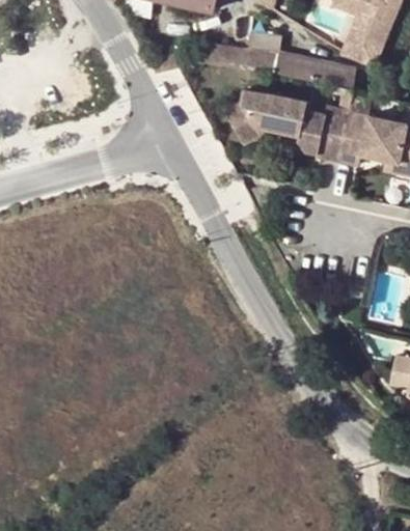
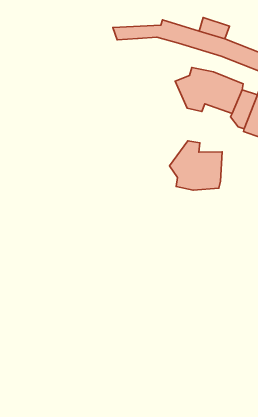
building: none -> [169,141,222,190]

